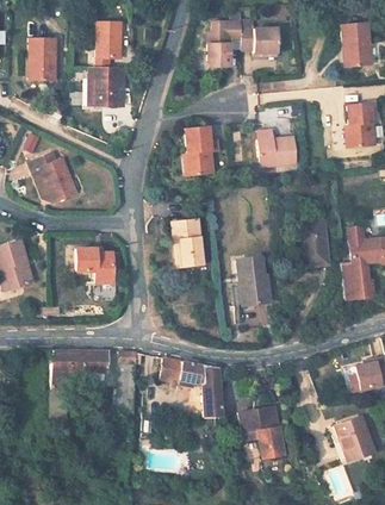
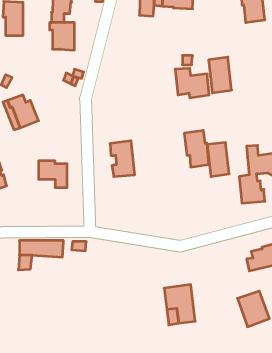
building: [344,101,374,148] -> [209,57,232,93]
building: [186,127,215,176] -> none
building: [235,257,267,305] -> [184,130,209,167]
building: [160,357,222,417] -> none

